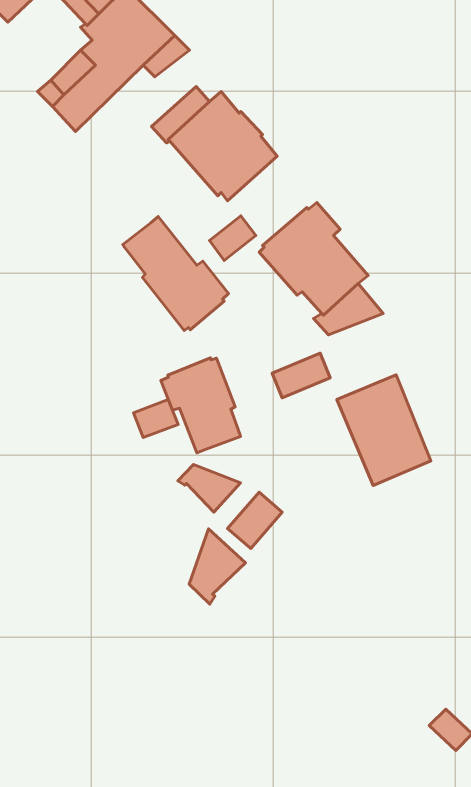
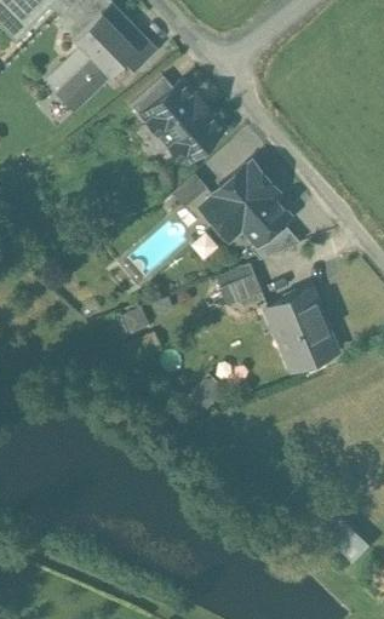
building: [123,217,228,330] -> none
building: [161,358,241,453] -> none
building: [178,465,241,512] -> none
building: [189,529,246,604] -> none

